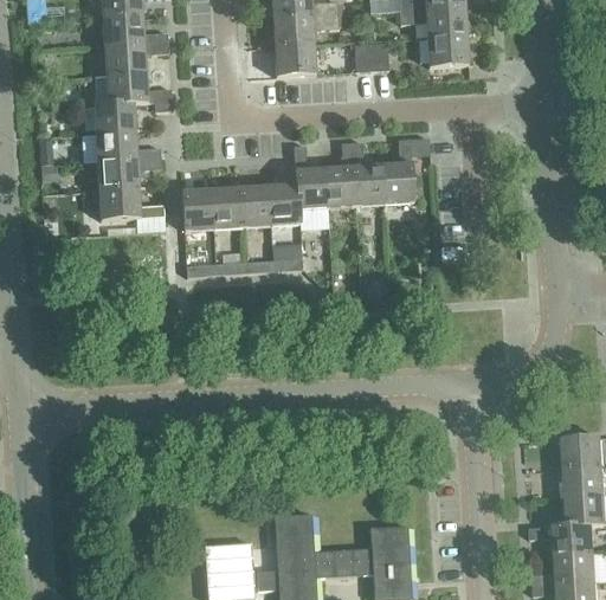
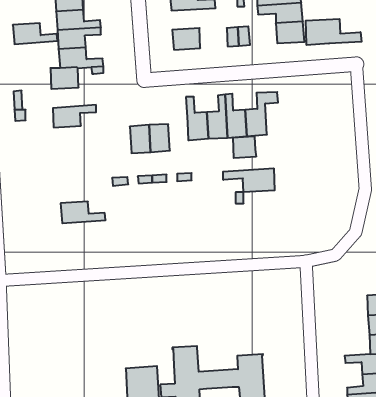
building: [272,14,339,46] -> none
building: none -> [306,19,362,45]
building: [95,131,161,162] -> [13,23,58,44]
building: [267,183,299,225] -> none
building: [98,188,165,220] -> [61,202,106,223]
building: [181,189,213,231] -> none
building: none -> [233,136,256,158]
building: none -> [223,168,275,192]

